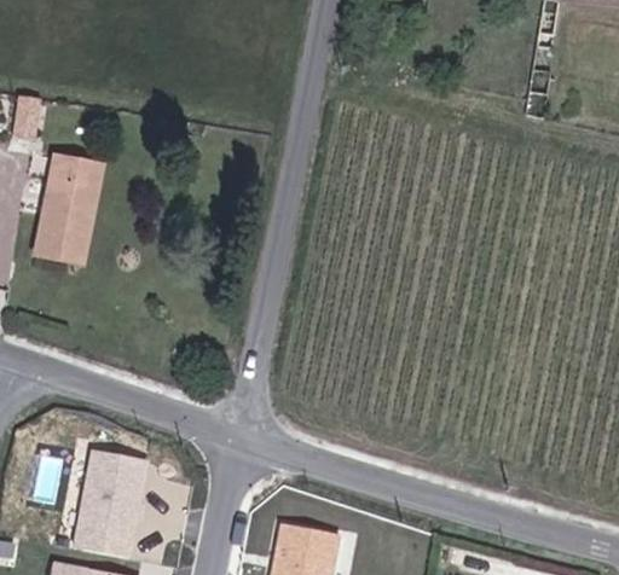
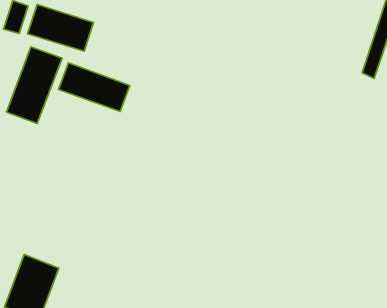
building: none -> [28,4,93,51]
building: none -> [58,63,130,111]

